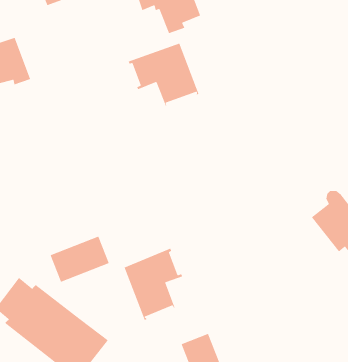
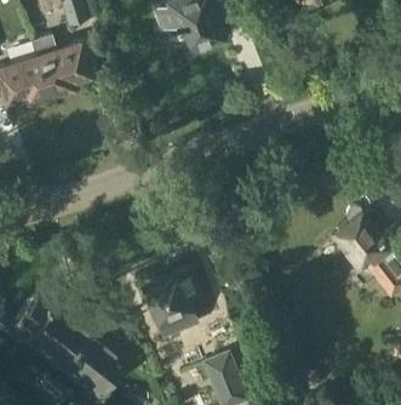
building: none -> [31,35,96,99]
building: [128,42,200,107] -> none
building: [50,236,110,283] -> none

